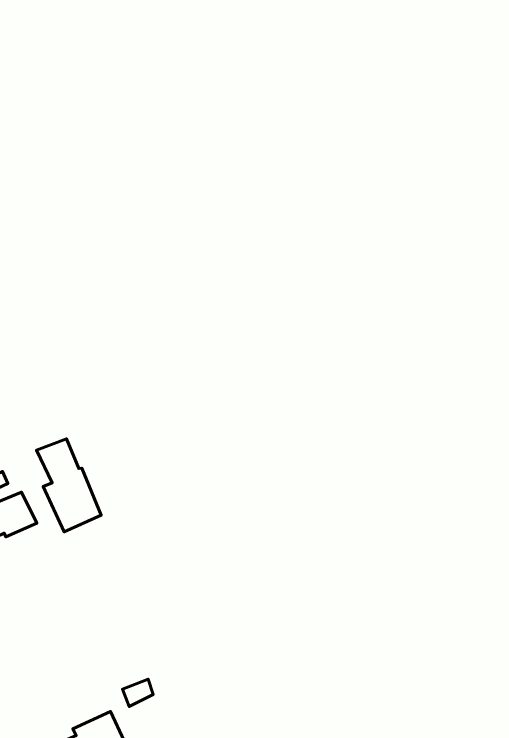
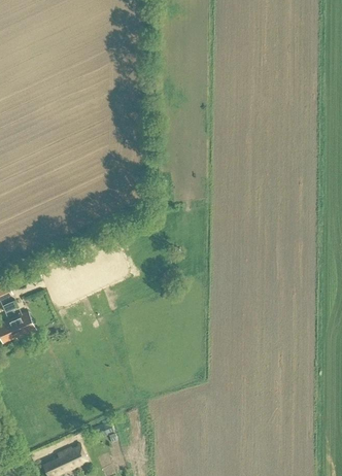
building: [37,439,101,532] -> none

